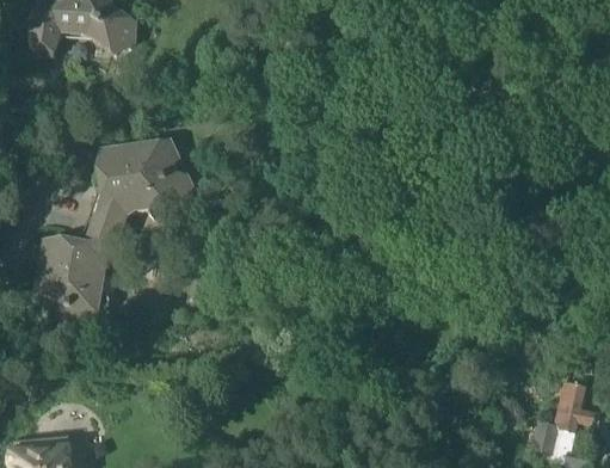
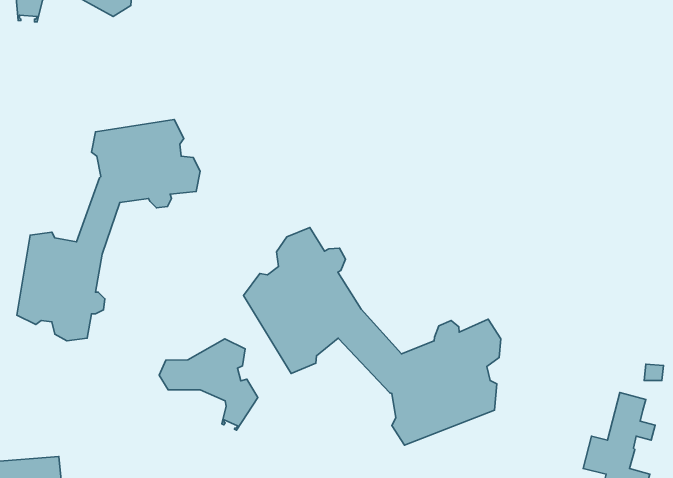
building: none -> [243,227,501,445]
building: none -> [159,339,258,430]

